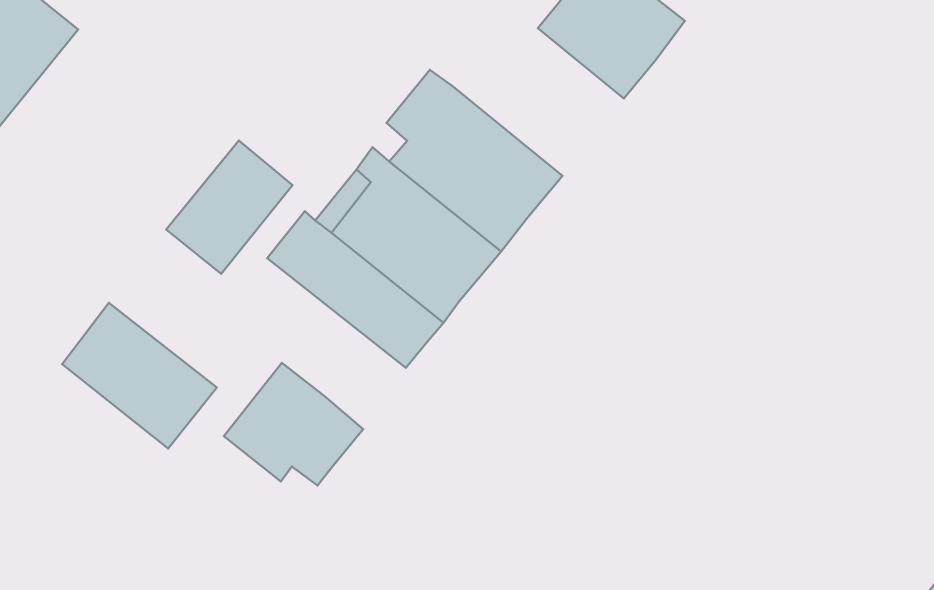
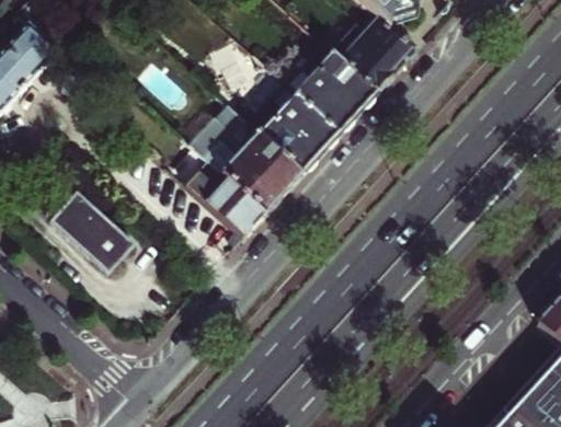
building: none -> [278,42,375,138]
building: [166,141,292,274] -> none
building: [224,363,363,486] -> none

